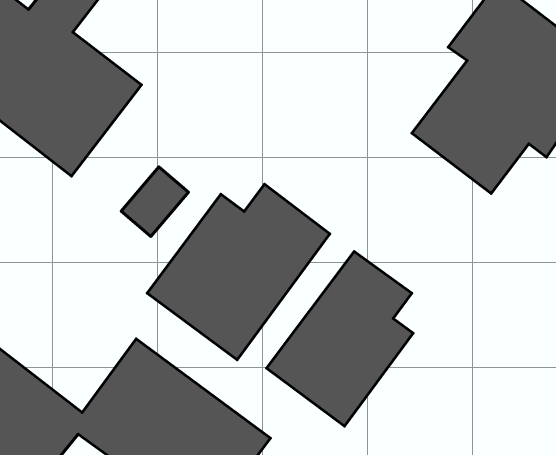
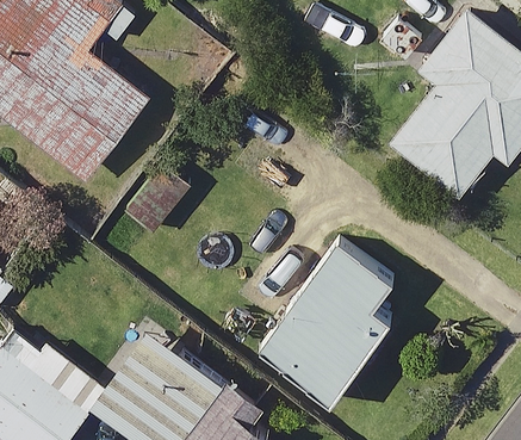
building: [147,184,330,360] -> none

